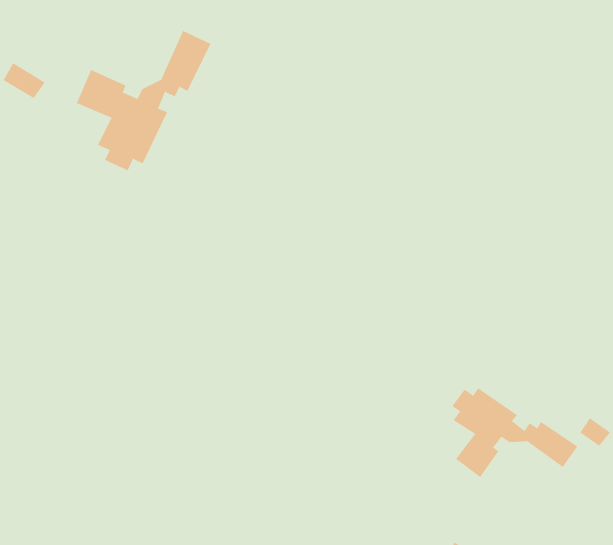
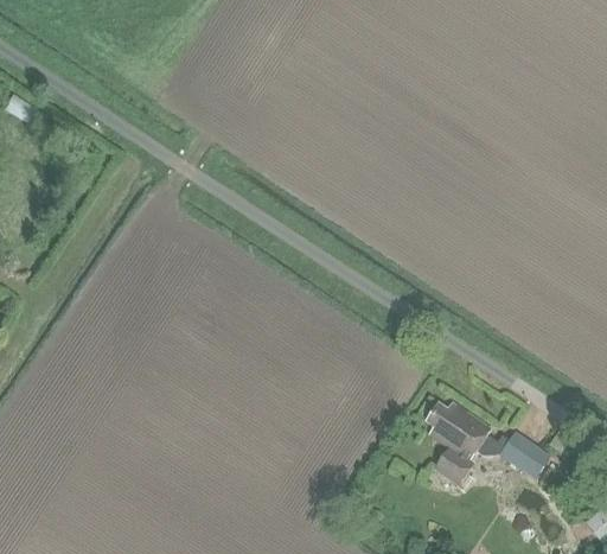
building: [76,30,211,171] -> none

